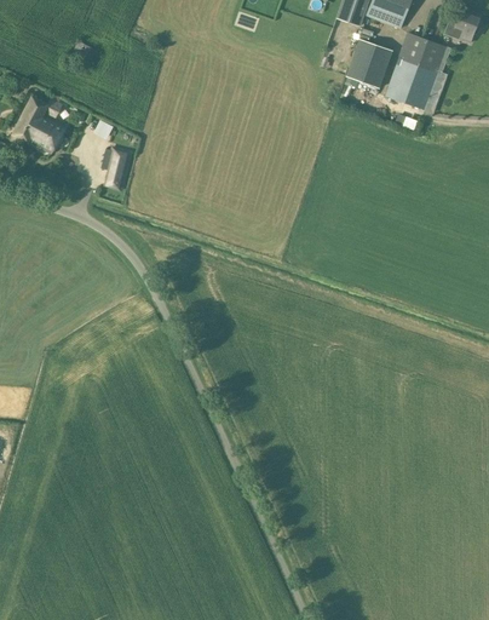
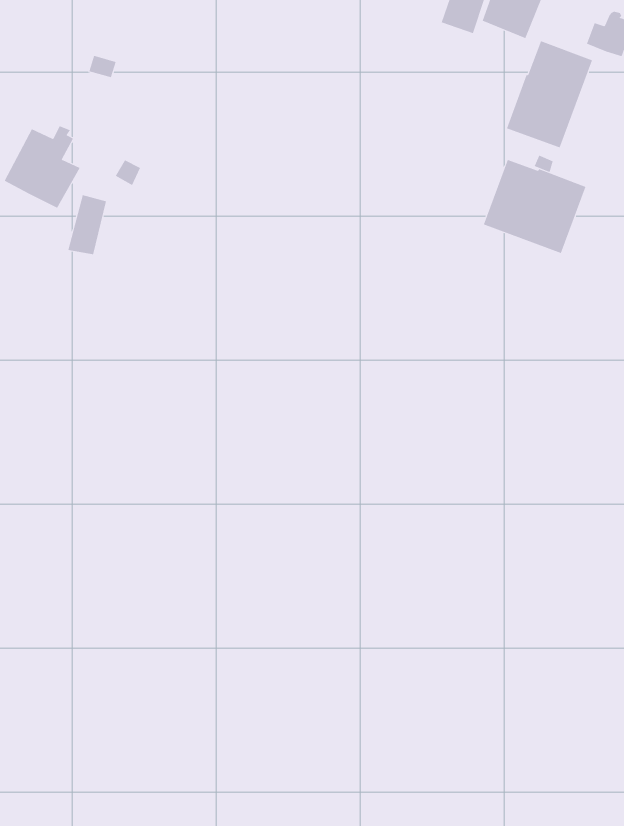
building: [345,38,392,87] -> none
building: none -> [483,159,586,254]
building: [103,145,132,190] -> [68,195,107,255]

